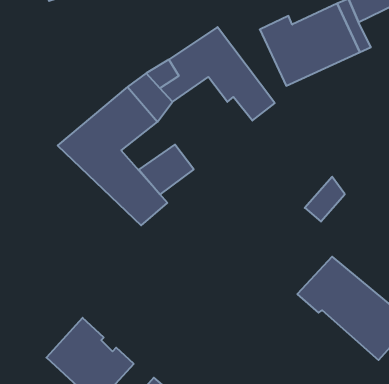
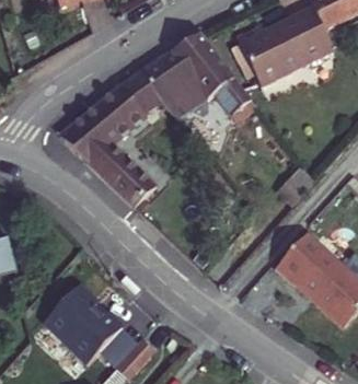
building: [139,145,194,194] -> [162,75,210,119]

